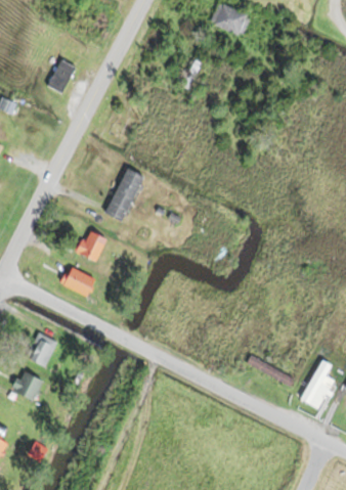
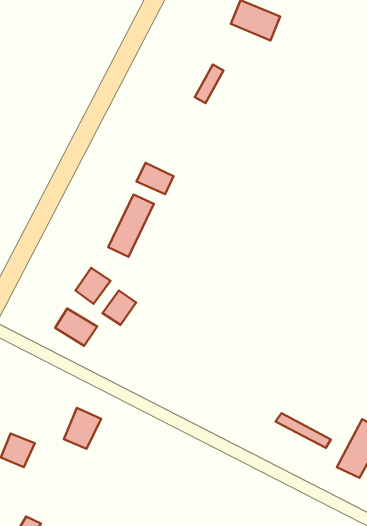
building: [47,59,77,92] -> none
building: none -> [136,163,173,194]
building: none -> [103,291,136,325]
building: [27,331,58,366] -> [64,408,101,449]

